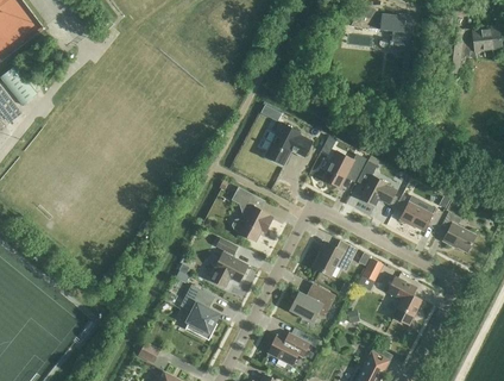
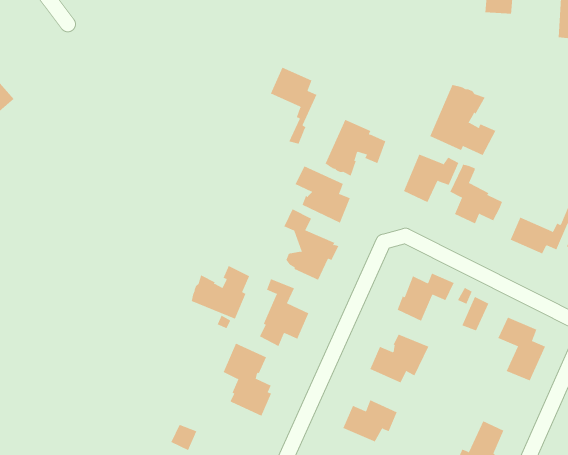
building: none -> [270,67,317,145]
building: none -> [430,84,496,156]
building: none -> [295,166,351,224]
building: none -> [191,265,250,319]

